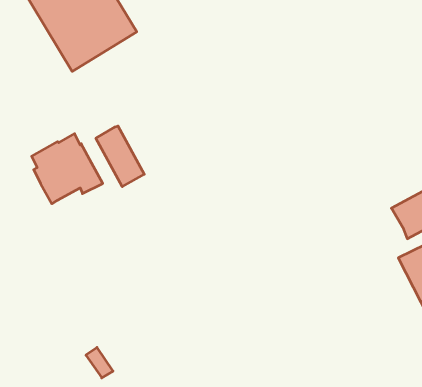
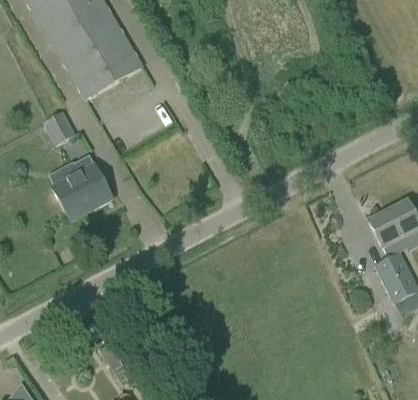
building: none -> [44,112,76,147]
building: [96,126,144,187] -> none

